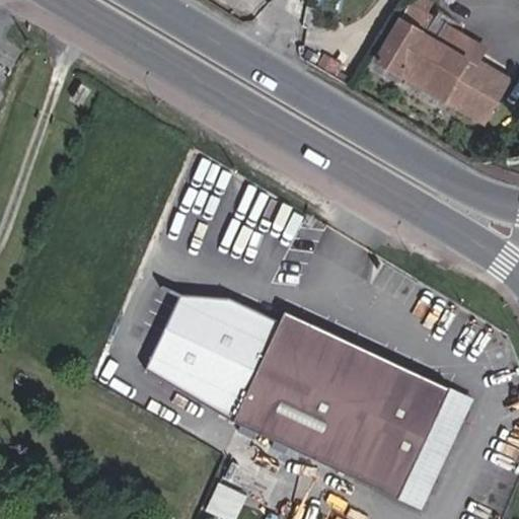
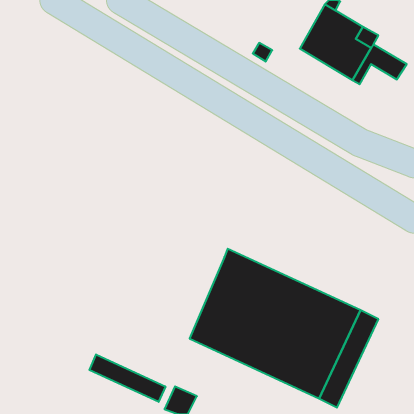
building: [450,80,497,124] -> none
building: [144,294,281,424] -> none
building: none -> [89,354,165,402]

